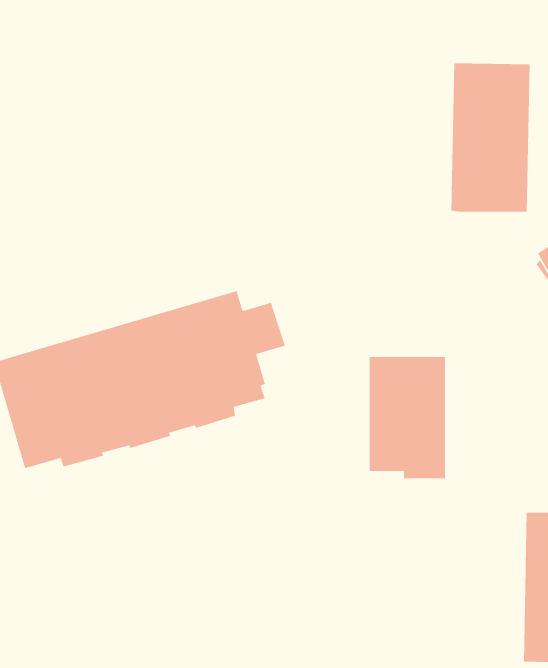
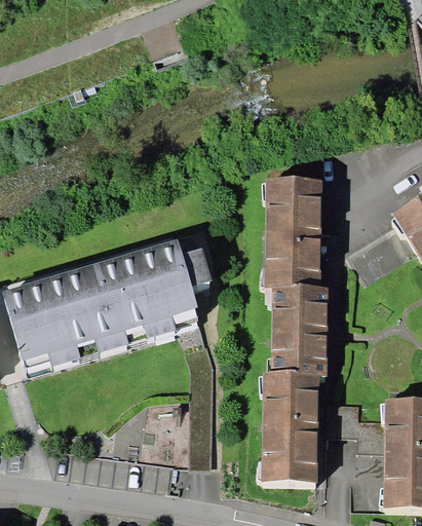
building: [451,62,531,213] -> [265,178,322,286]
building: none -> [261,369,319,481]

